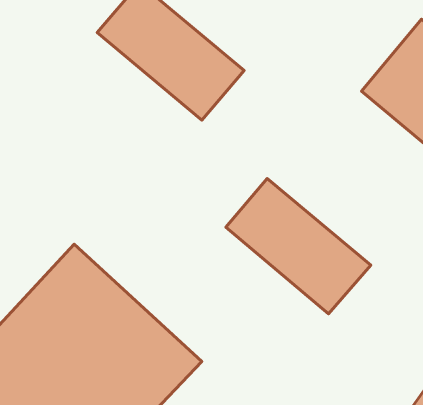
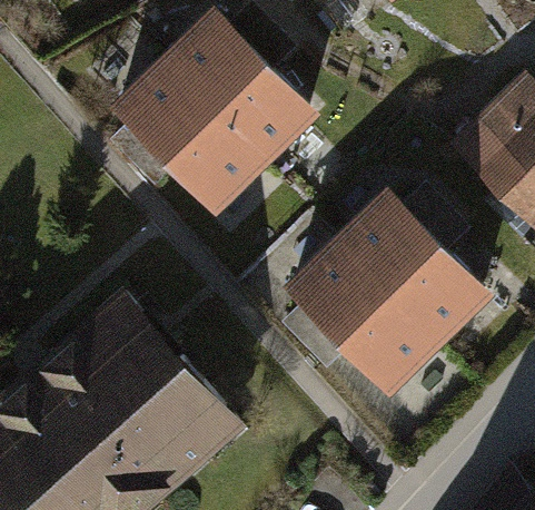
building: none -> [109,55,268,215]
building: none -> [335,185,493,344]

